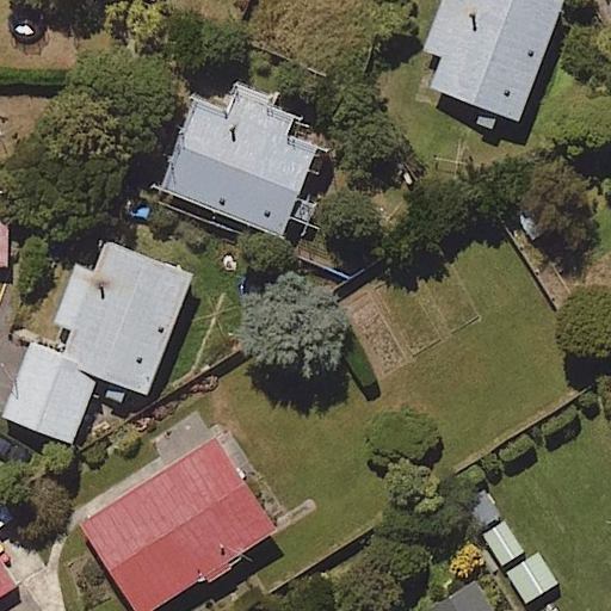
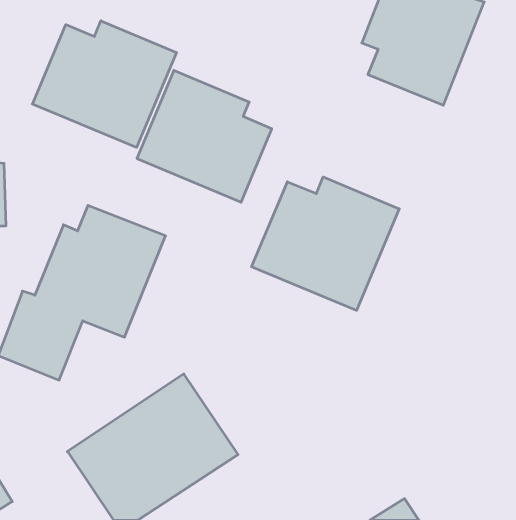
building: none -> [32,21,176,147]
building: none -> [252,177,399,310]

